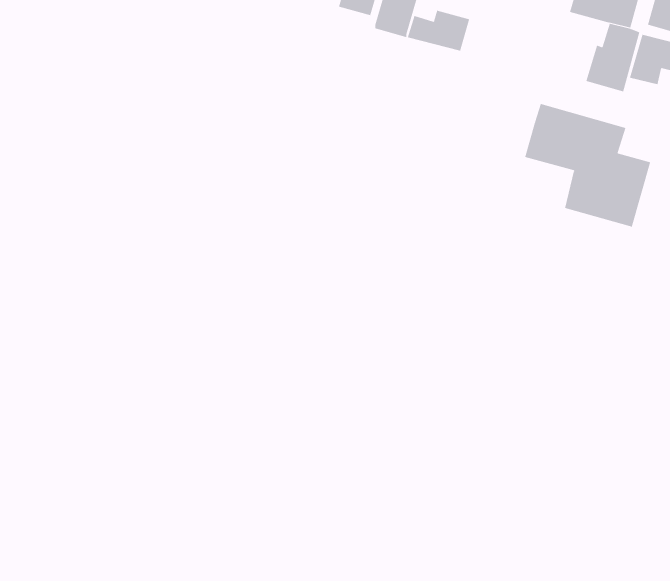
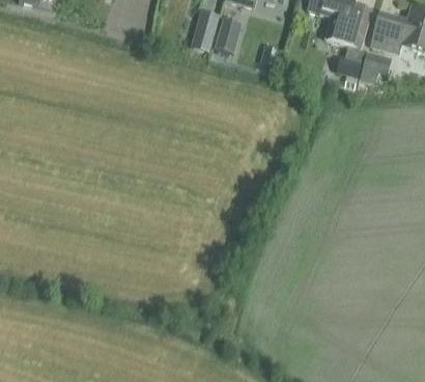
building: [407,10,470,52] -> none
building: [525,103,651,227] -> none

